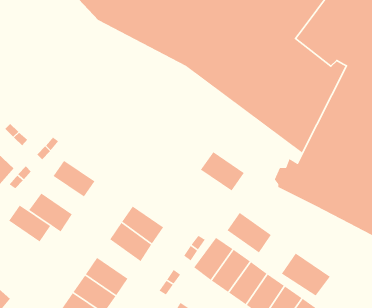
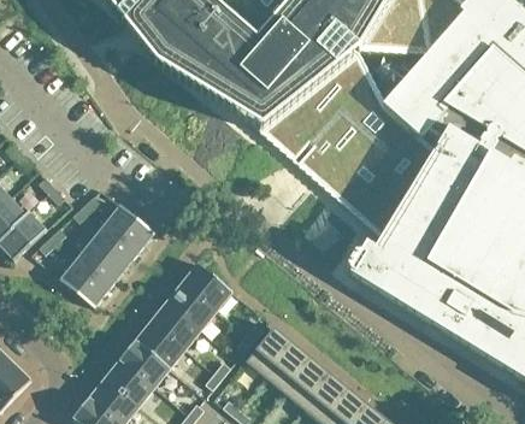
building: none -> [105,204,155,251]
building: [200,151,245,191] -> [181,261,232,310]
building: [8,204,51,242] -> [76,241,125,287]
building: [227,212,272,254] -> none
building: none -> [135,319,185,366]
building: [281,252,331,297] -> none

